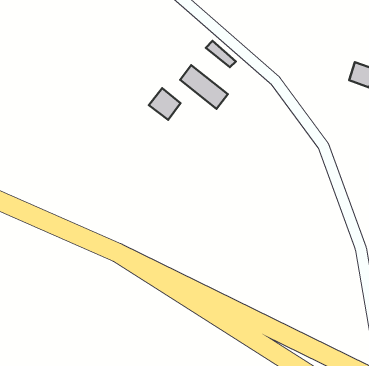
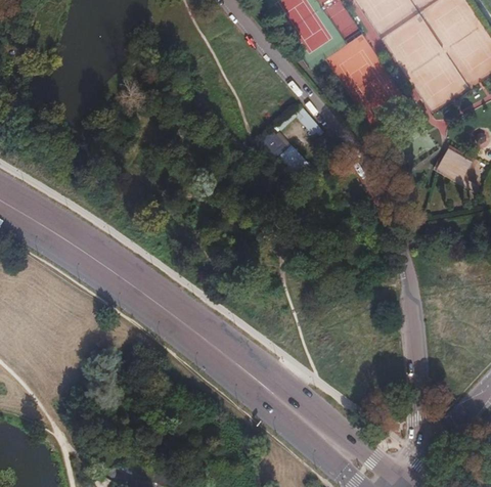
building: [149,88,180,120] -> none

